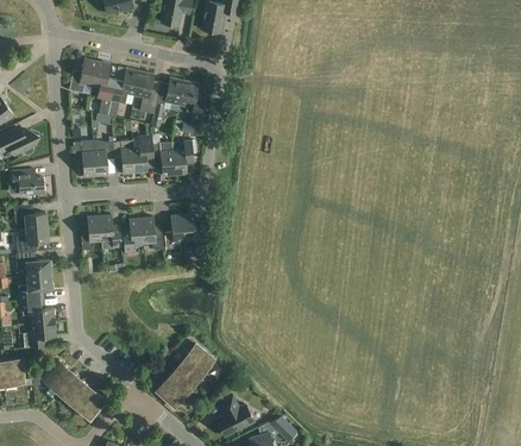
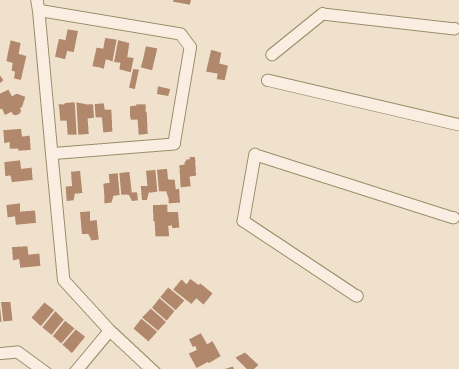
building: [92,61,115,106] -> [6,40,27,81]
building: [178,80,205,114] -> [205,49,229,80]
building: [133,136,152,172] -> none
building: [172,140,193,175] -> [179,157,197,188]
building: [99,214,121,247] -> [79,211,99,241]
building: [15,226,48,252] -> none
building: none -> [153,204,180,241]
building: [18,274,51,300] -> none
building: [23,321,56,347] -> none
building: none -> [172,278,214,306]

